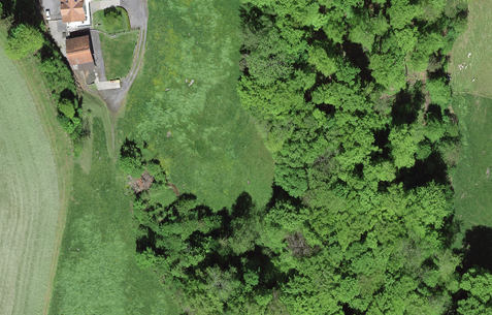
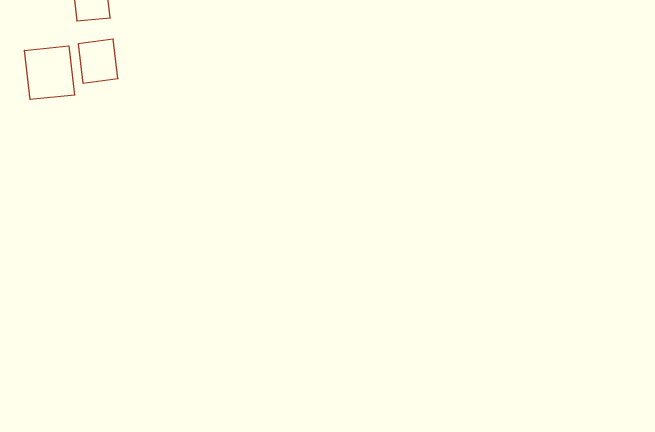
building: none -> [24,46,75,100]

